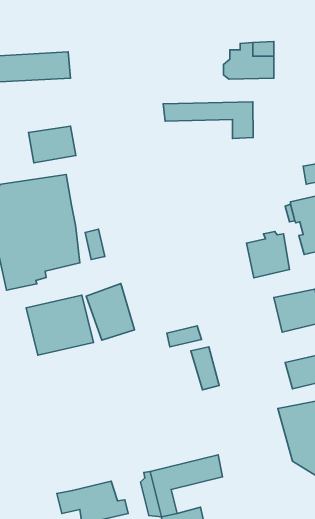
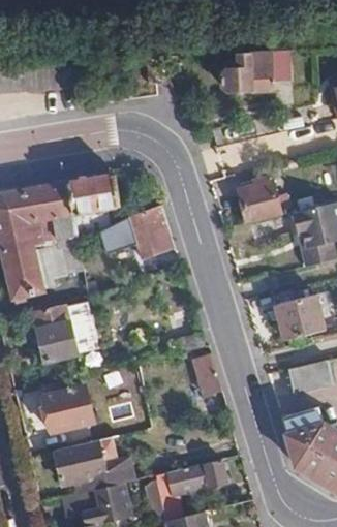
building: [163,102,253,139] -> none
building: [29,126,76,163] -> [70,178,117,214]
building: [247,232,290,278] -> [238,177,280,222]
building: [86,284,134,340] -> [127,206,175,261]
building: none -> [43,388,92,431]
building: none -> [54,439,134,495]

